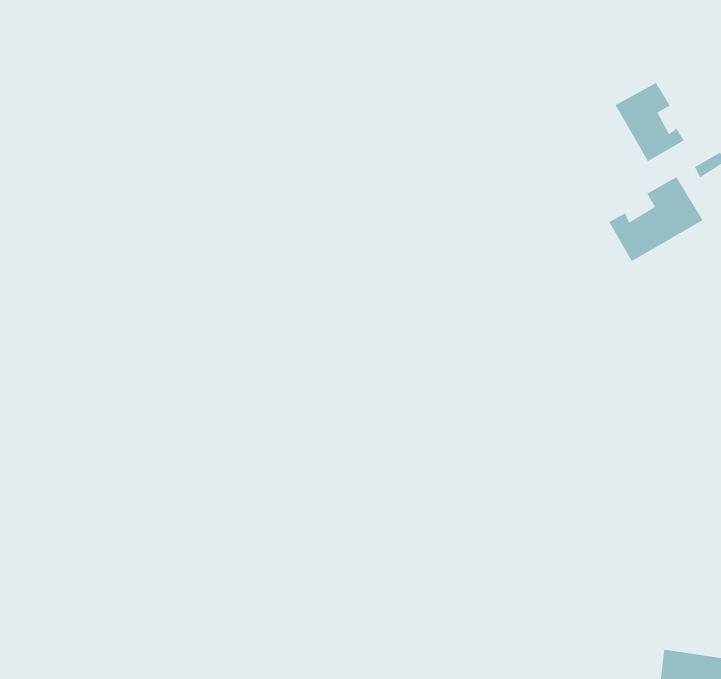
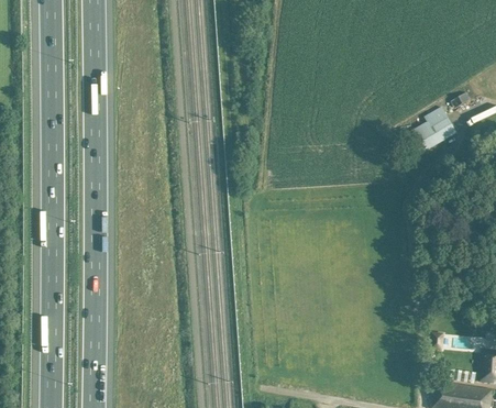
building: [615,82,685,162] -> none

